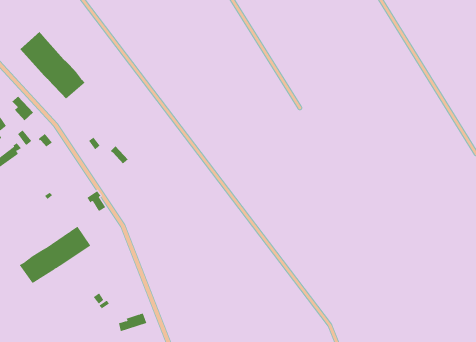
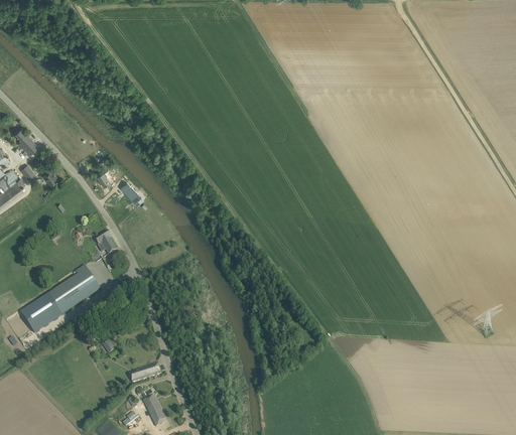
building: [20,31,86,100] -> none

